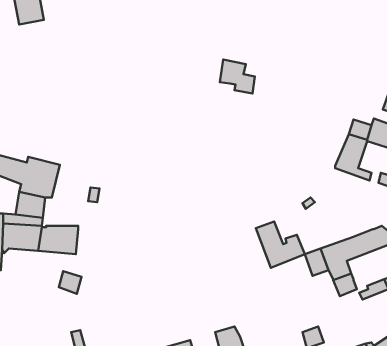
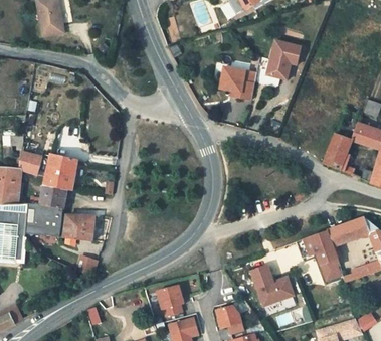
building: none -> [264,42,300,81]
building: [256,221,305,268] -> [249,265,293,306]
building: none -> [155,285,182,316]

